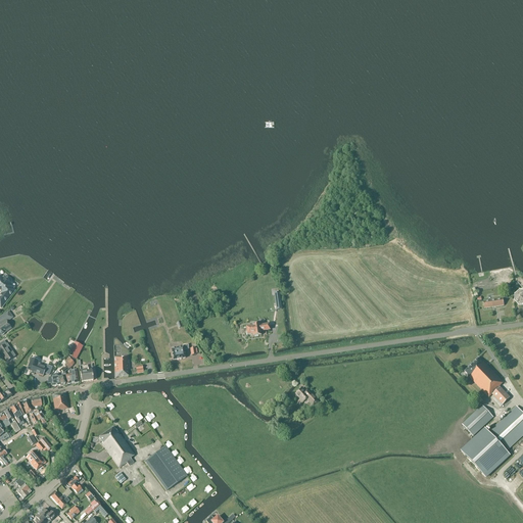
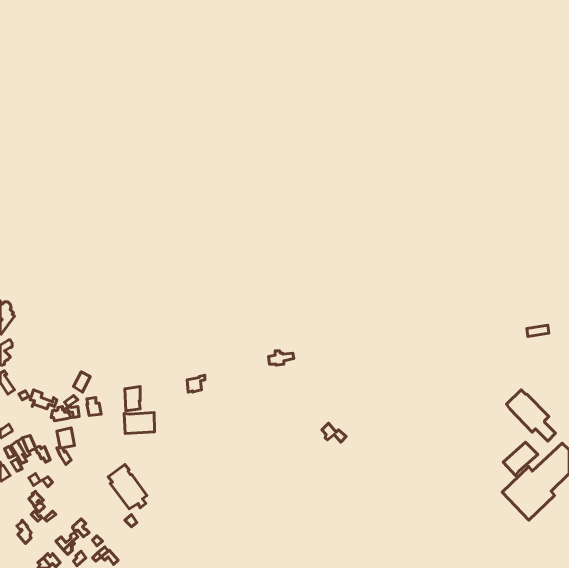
building: none -> [124,412,155,434]
building: [145,446,187,490] -> none

